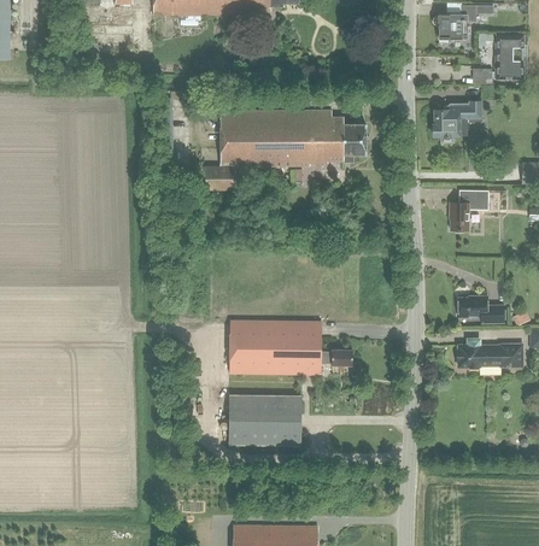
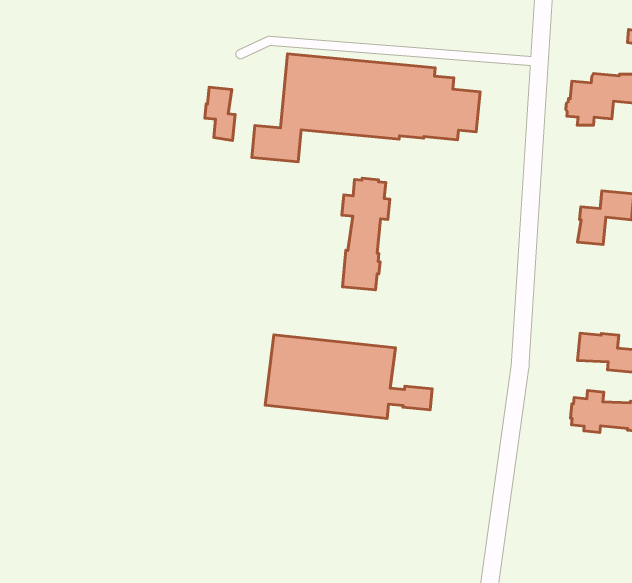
building: none -> [205,87,235,140]
building: none -> [342,178,390,290]
building: [227,395,300,444] -> none

